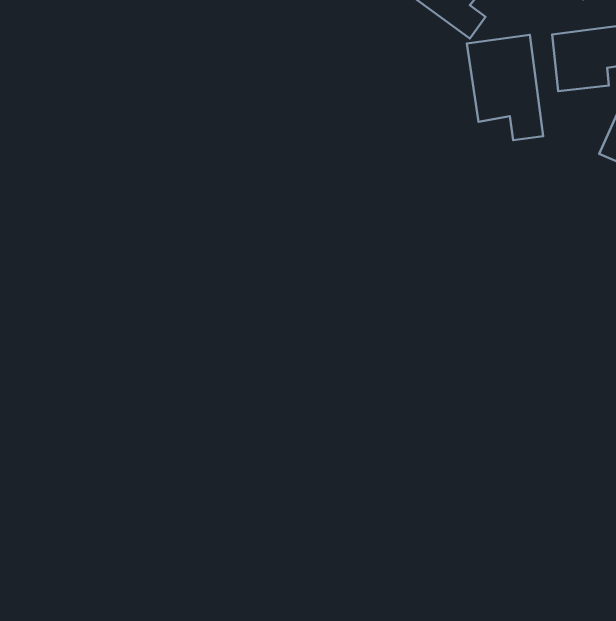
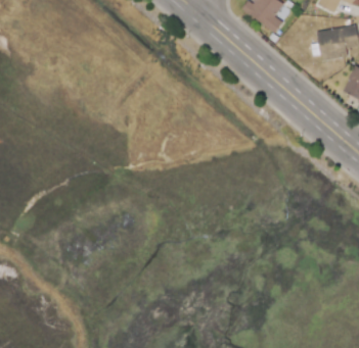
building: [467,35,543,140] -> none

